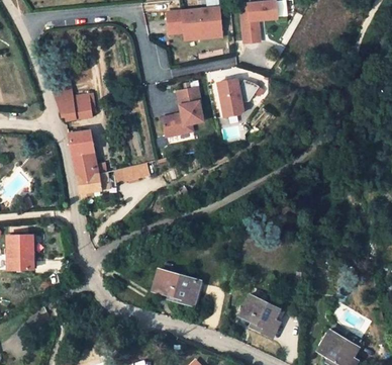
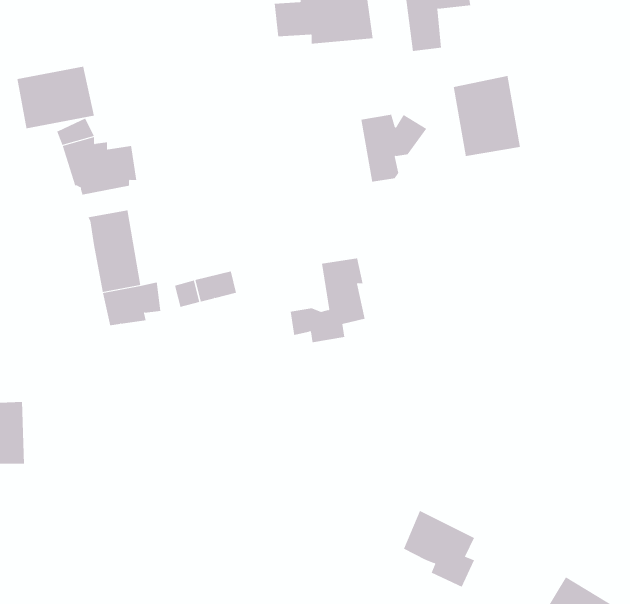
building: none -> [17,66,95,129]
building: none -> [453,75,521,157]
building: [159,86,200,132] -> [290,258,365,343]
building: [153,271,199,305] -> none

